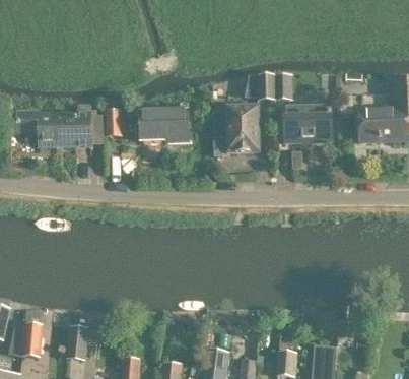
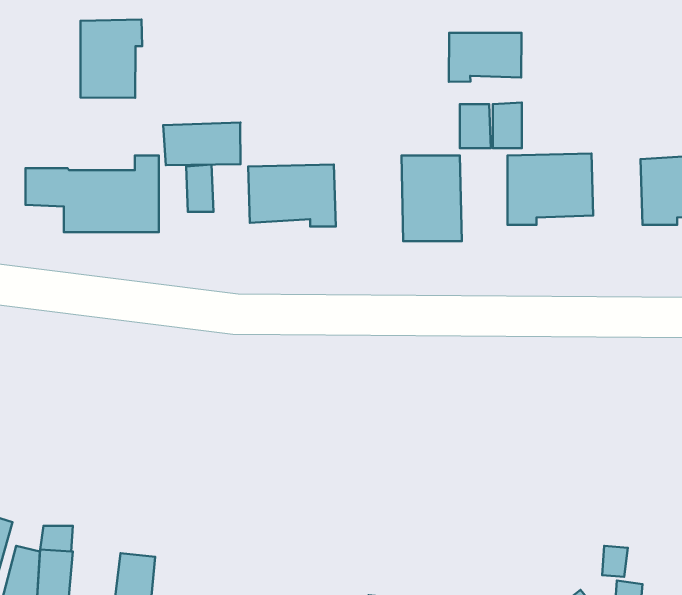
building: none -> [80,20,142,98]
building: none -> [449,33,522,82]
building: none -> [163,122,241,165]

